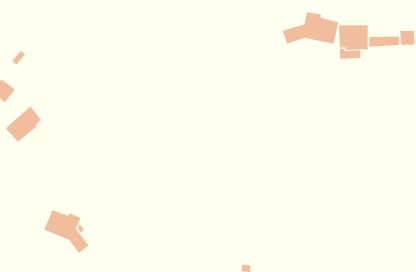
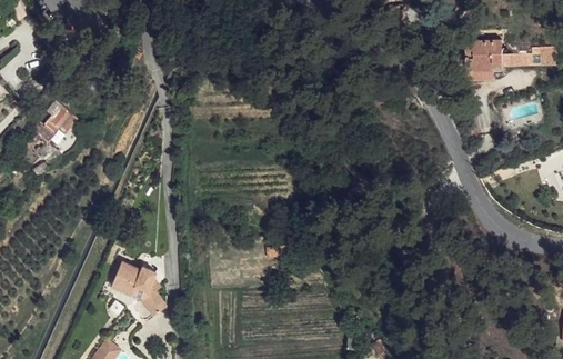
building: [282,11,339,44] -> none
building: [5,105,42,143] -> none

